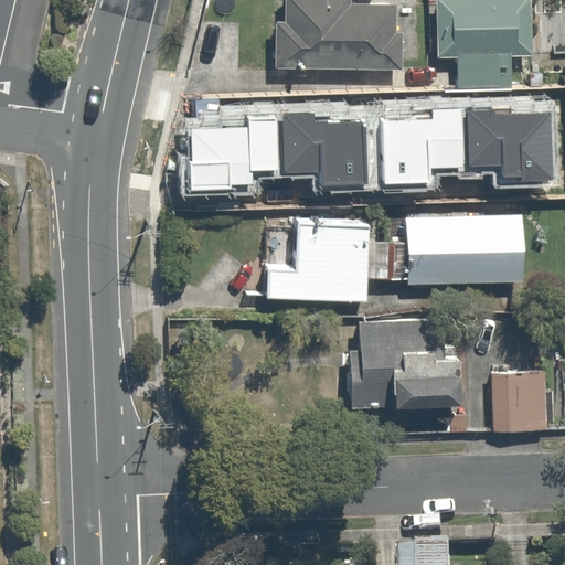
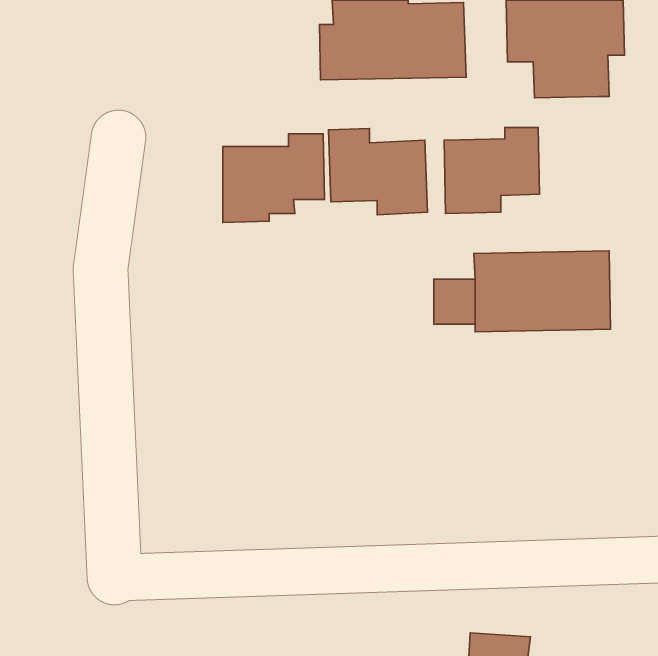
building: [468,110,554,182] -> none
building: [265,218,365,302] -> none
building: [348,318,465,408] -> none
building: [491,370,544,430] -> none

